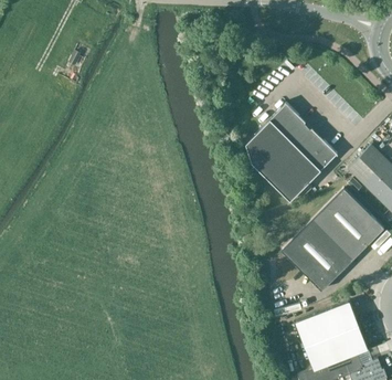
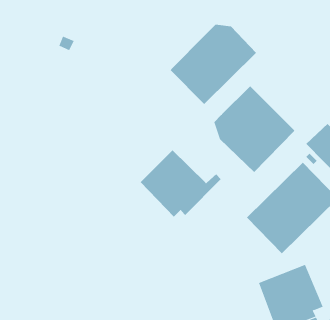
building: none -> [169,24,257,105]
building: none -> [140,150,222,217]

